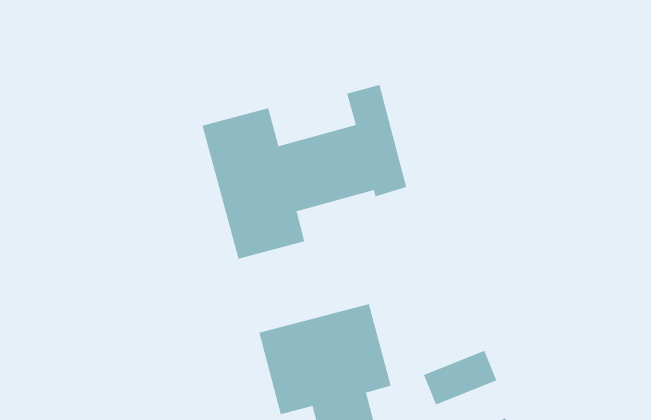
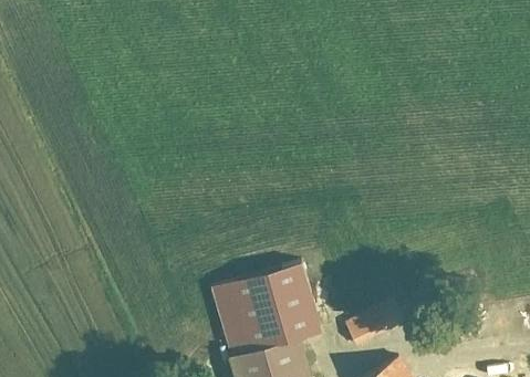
building: [202,84,407,259] -> none

